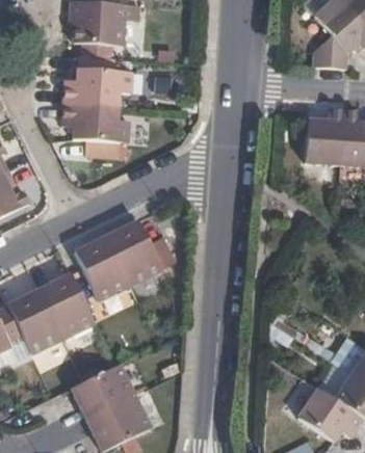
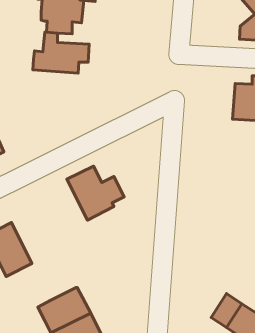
building: [61,102,128,152] -> none
building: [74,235,129,299] -> none
building: [36,272,94,338] -> none

